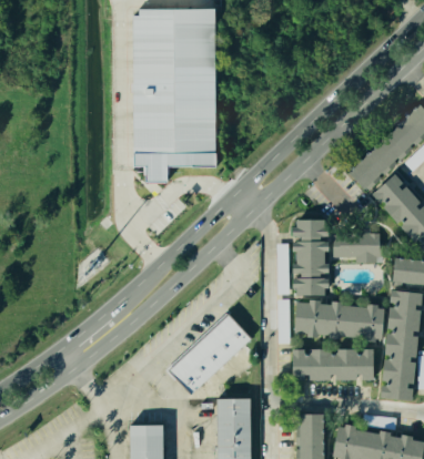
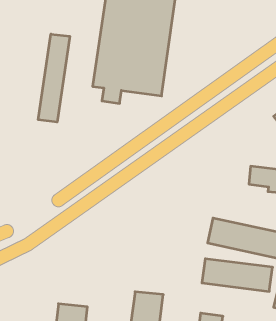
building: none -> [38,34,70,122]
building: [296,221,325,295] -> none
building: [168,315,251,396] -> none

